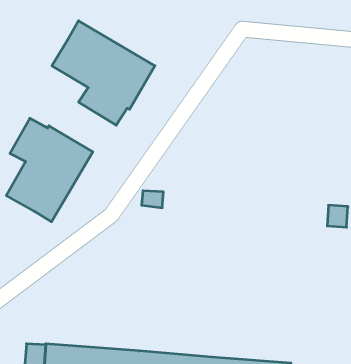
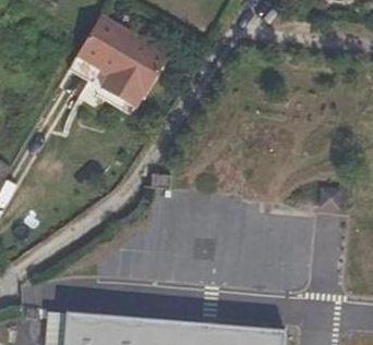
building: [6,118,93,222] -> none

